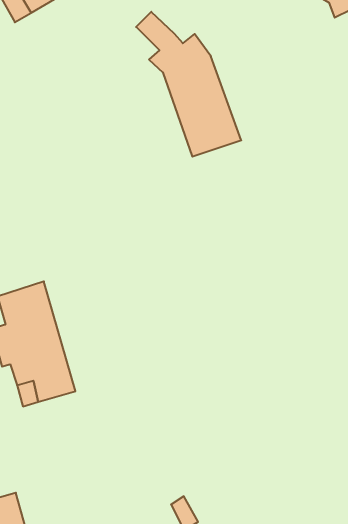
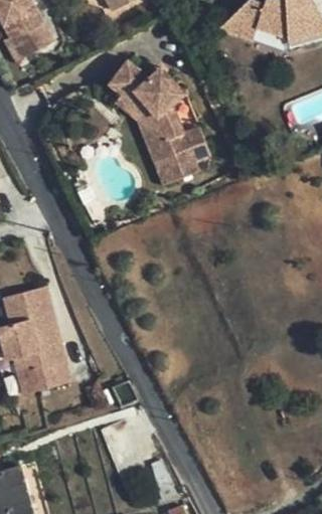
building: none -> [112,66,169,181]

